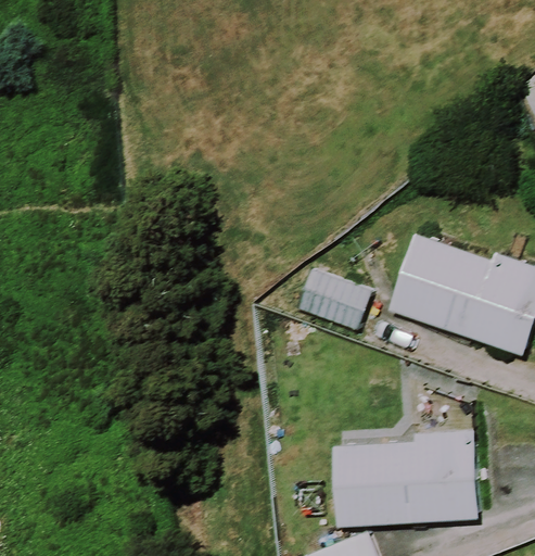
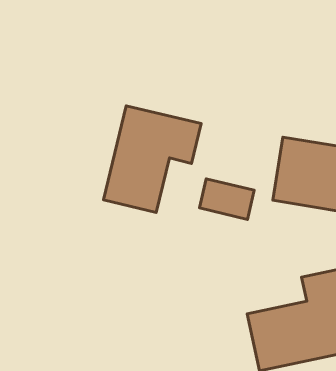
building: none -> [104,106,201,212]

